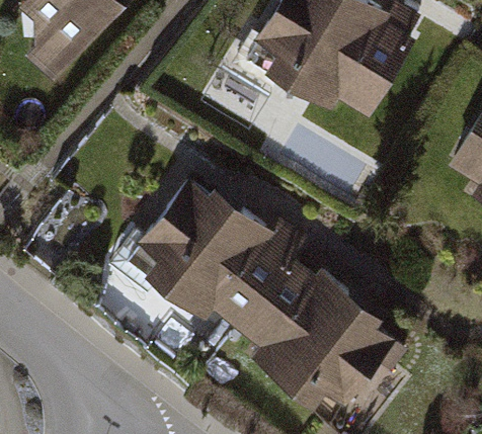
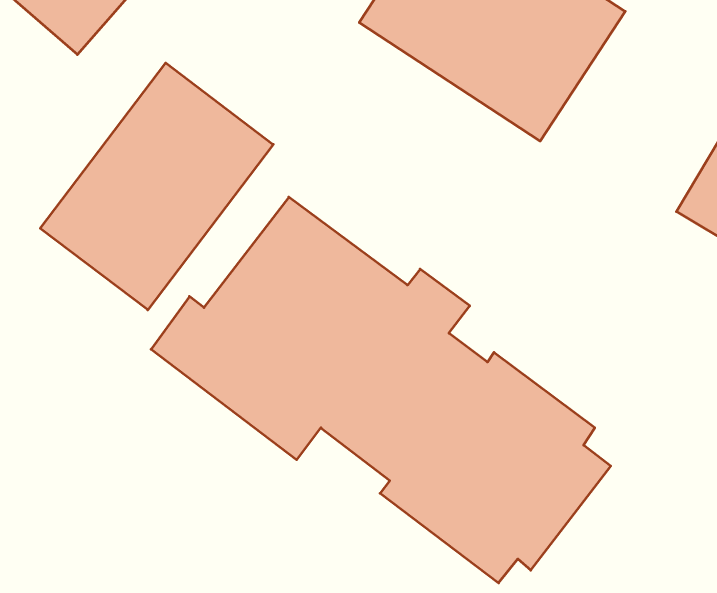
building: none -> [40,63,273,310]

